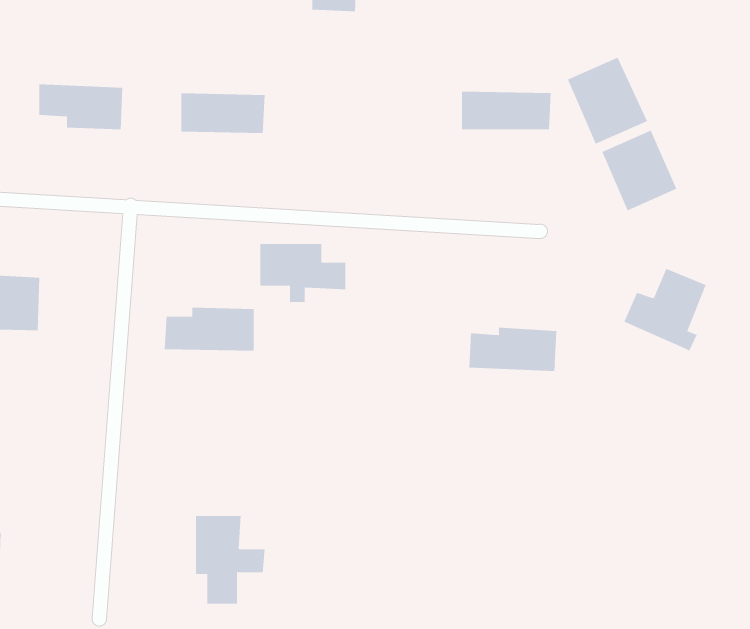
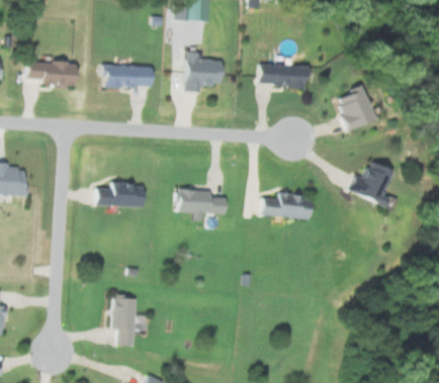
building: [567,57,648,144] -> none
building: none -> [185,52,223,92]
building: [259,244,346,303] -> [178,189,226,221]

